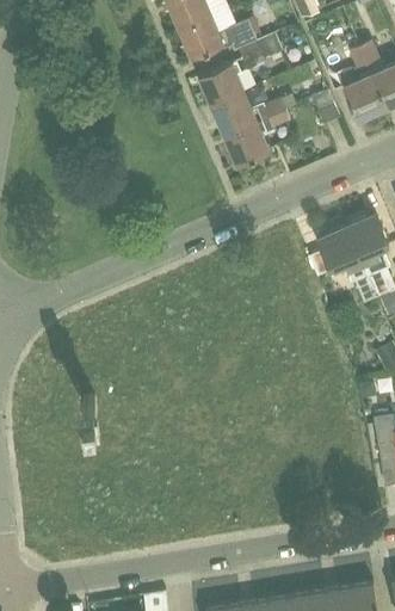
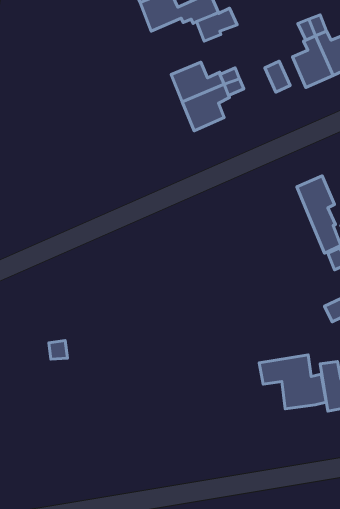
building: [198,62,243,105] -> none
building: [317,227,377,304] -> none
building: none -> [259,355,326,409]

